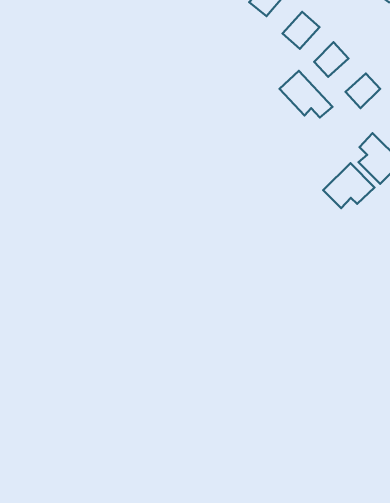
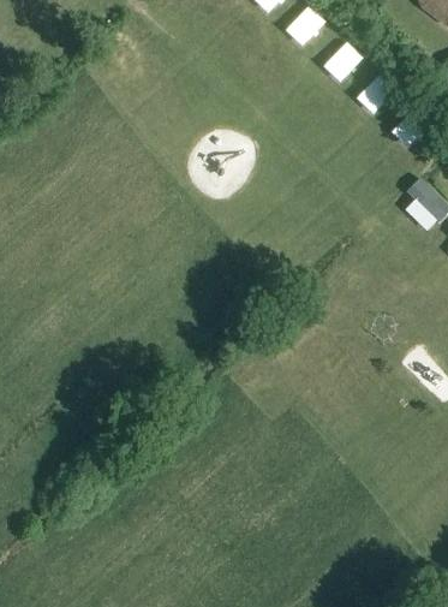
building: [280,71,333,117] -> none
building: [323,163,375,208] -> none

